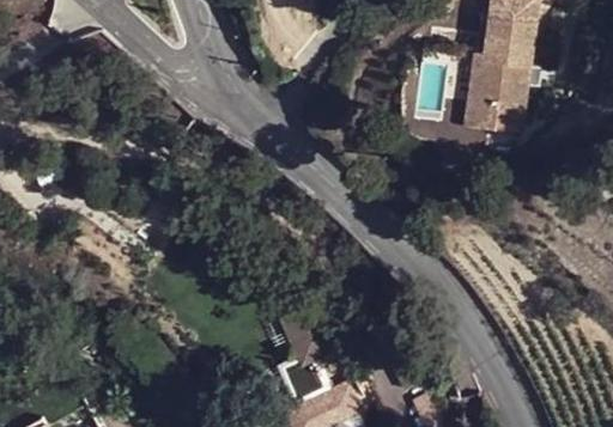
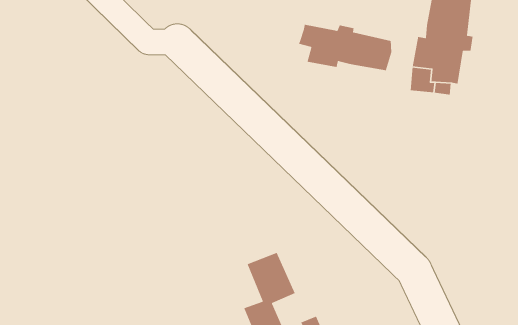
building: none -> [298,24,392,71]

